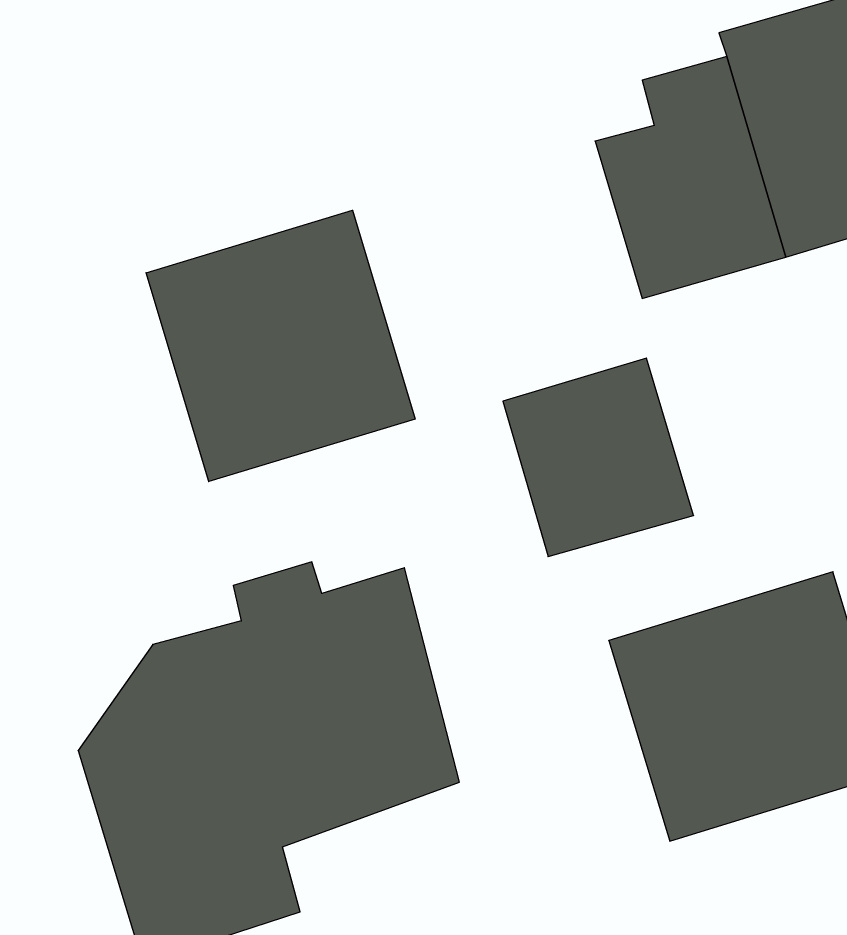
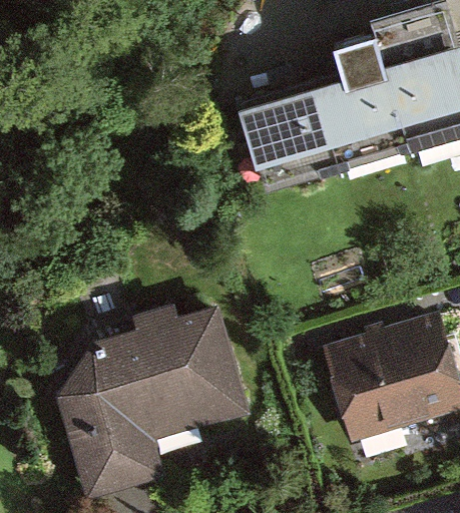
building: [146,210,415,482] -> none
building: [503,358,694,557] -> [242,87,339,188]

